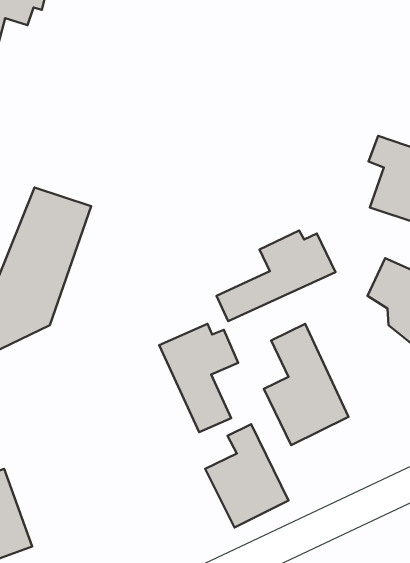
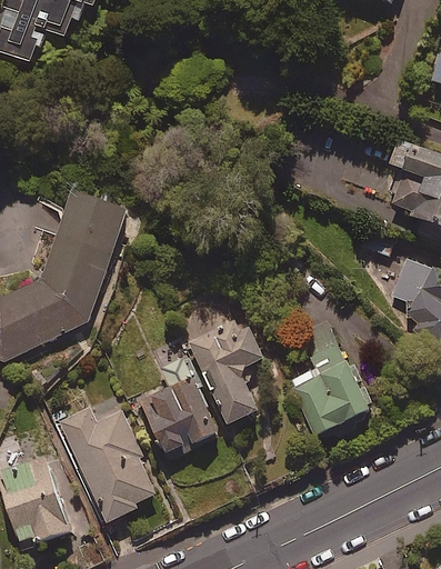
building: [216,231,335,321] -> none
building: none -> [56,408,157,525]
building: [205,424,289,528] -> [140,358,219,456]

